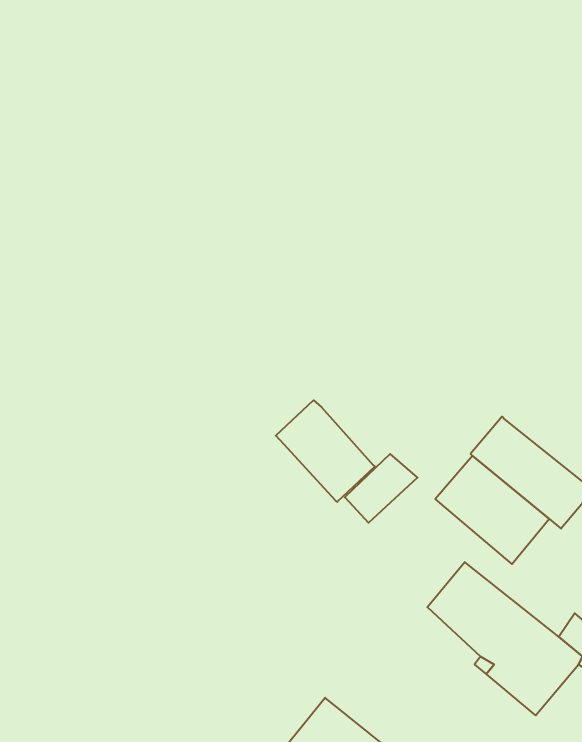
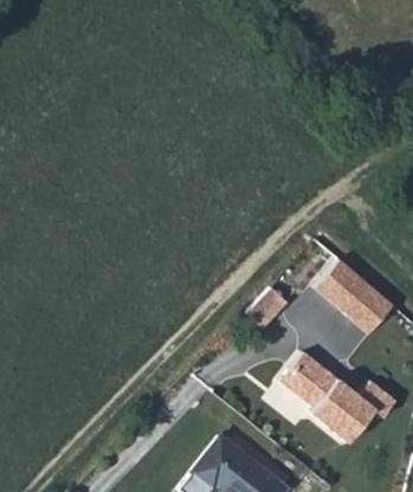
building: [276,400,375,502] -> none

